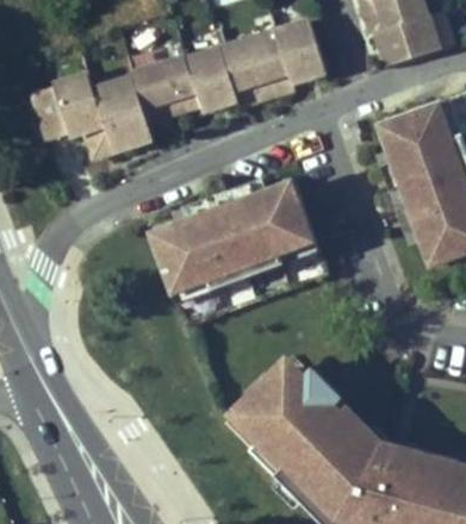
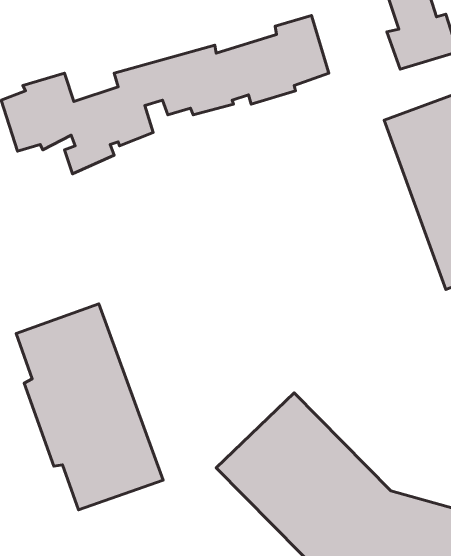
building: [147,176,321,297] -> none
building: none -> [16,304,163,510]

